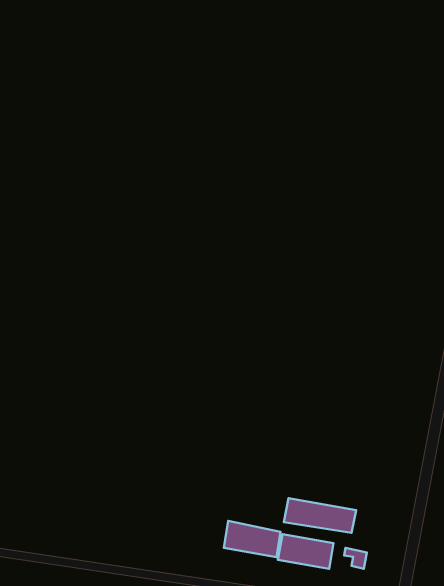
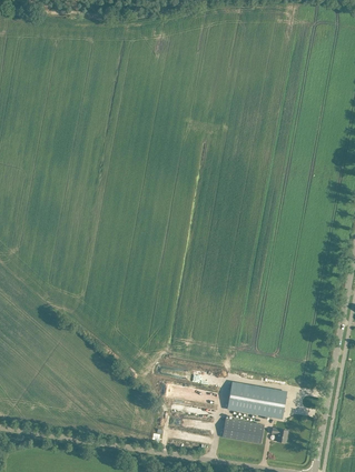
building: [224,521,281,557] -> none

